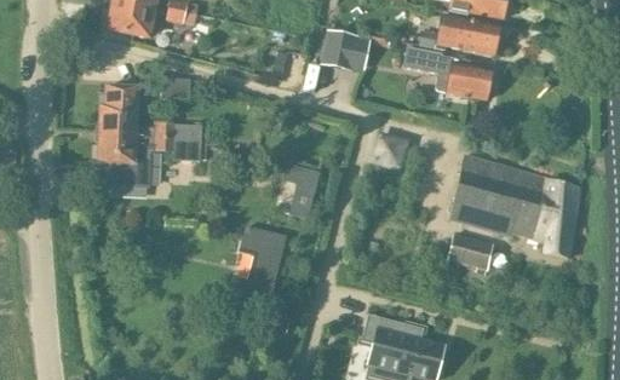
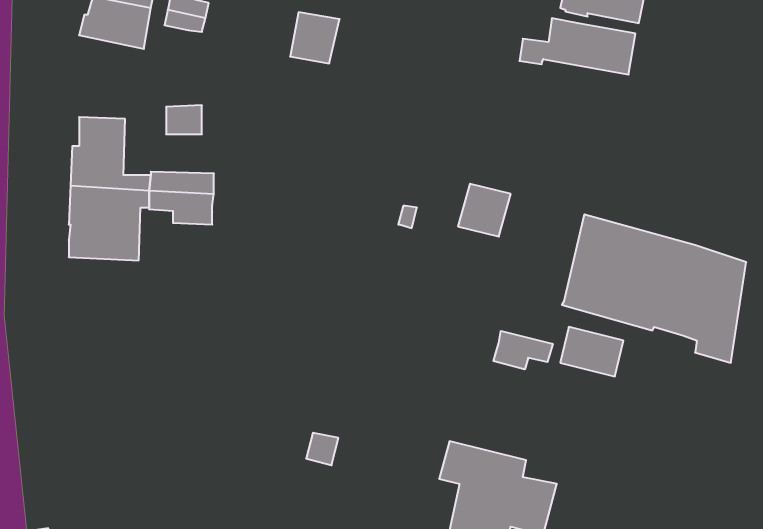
building: [322,31,357,68] -> [290,12,340,63]
building: [404,47,492,99] -> none
building: [283,163,320,219] -> none
building: [241,226,285,301] -> none
building: none -> [493,331,553,369]

